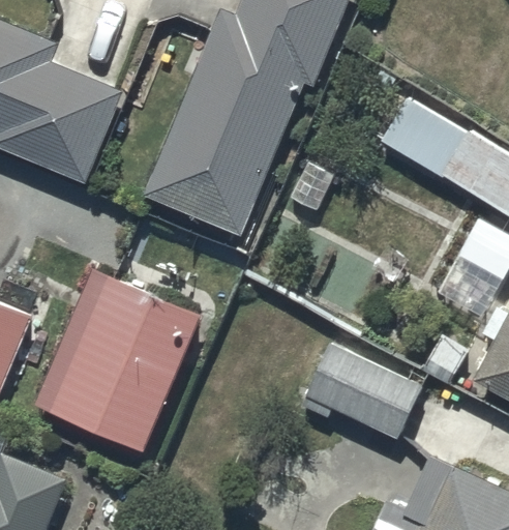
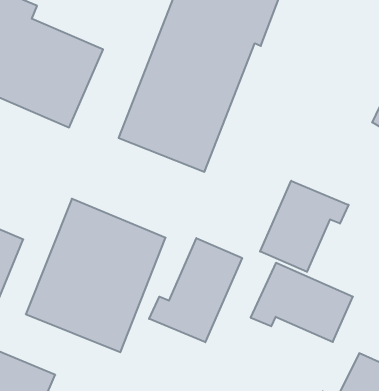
building: none -> [260,181,349,272]
building: none -> [149,238,242,342]

